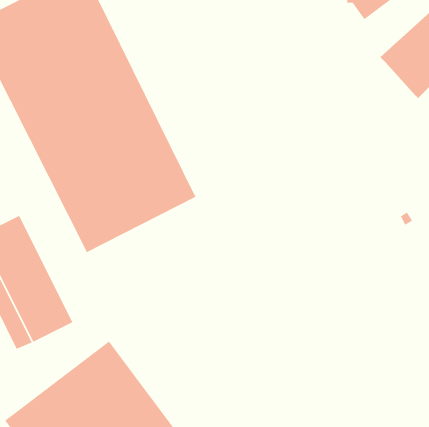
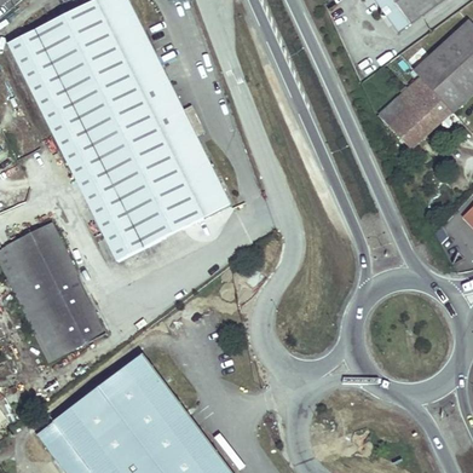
building: none -> [380,74,451,146]

